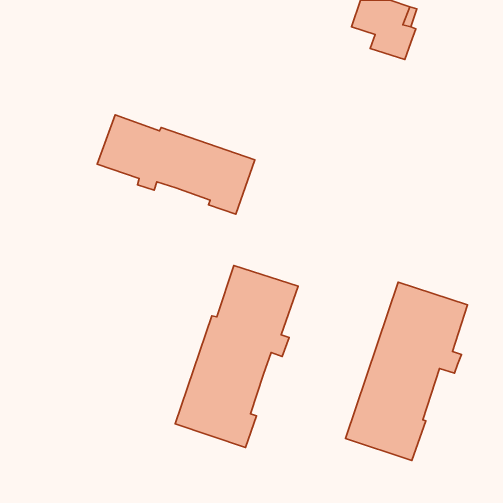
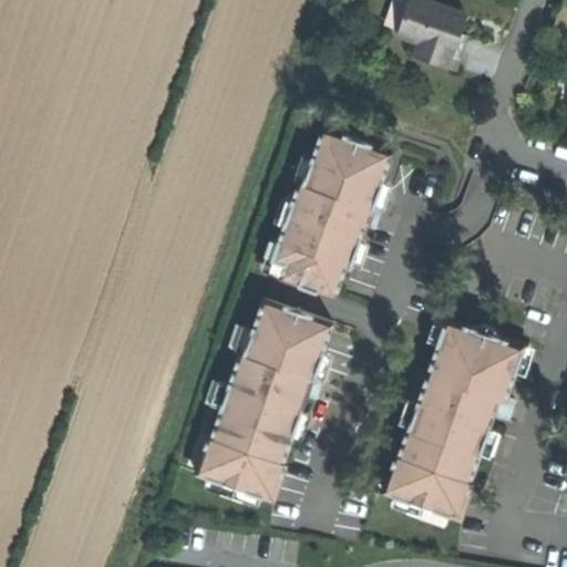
building: none -> [269,130,389,299]
building: [97,115,255,214] -> none

